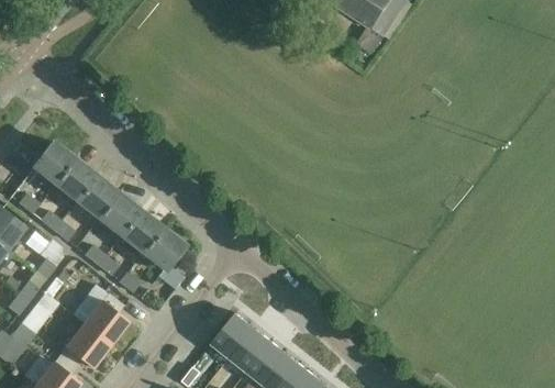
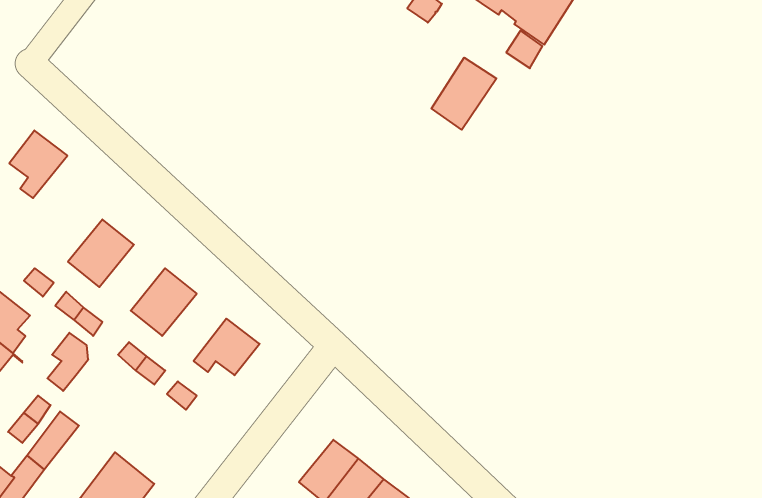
building: none -> [431,58,496,130]
building: [33,142,74,189] -> [9,130,67,198]
building: [71,177,118,223] -> none
building: [115,211,160,258] -> none
building: [82,291,129,344] -> none

